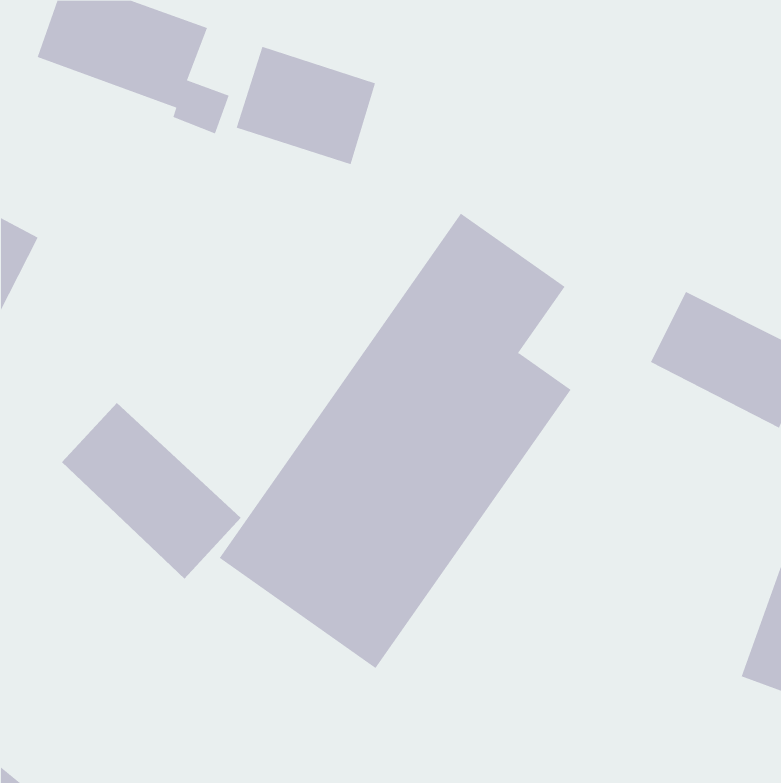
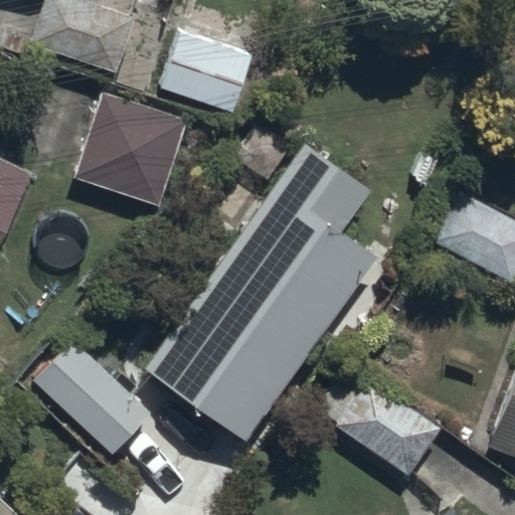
building: none -> [75,95,189,204]
building: [61,402,241,579] -> [32,341,150,457]
building: none -> [317,373,442,478]

